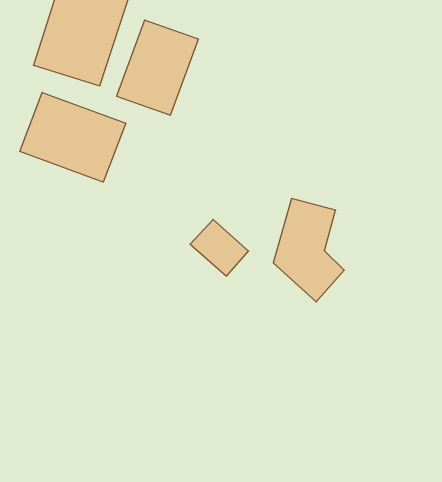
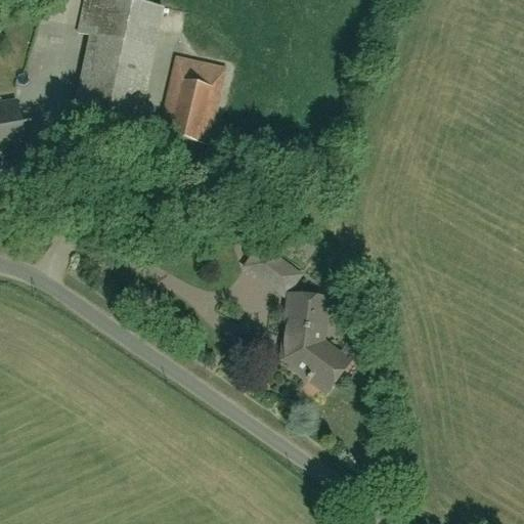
building: [20,92,126,182] -> none
building: [273,199,344,302] -> [280,293,350,390]

